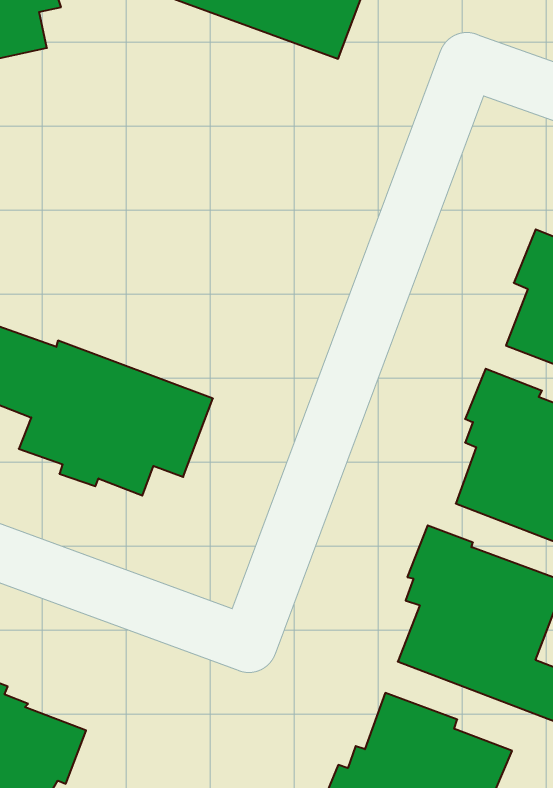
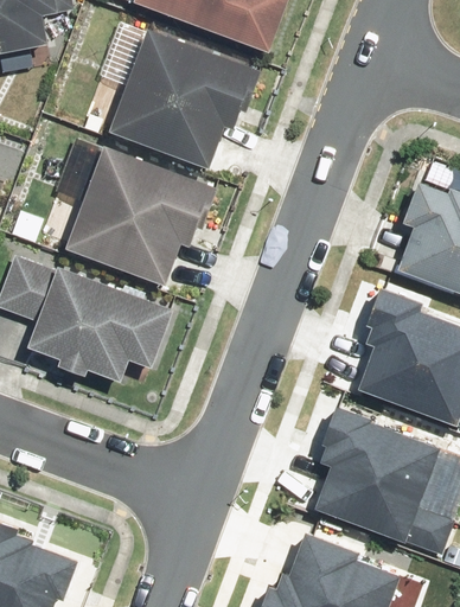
building: none -> [108,30,261,168]
building: none -> [65,146,218,286]

